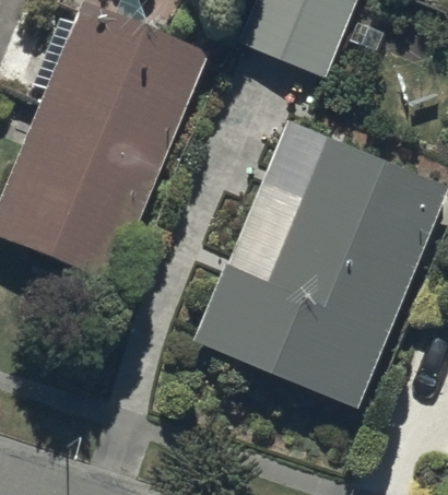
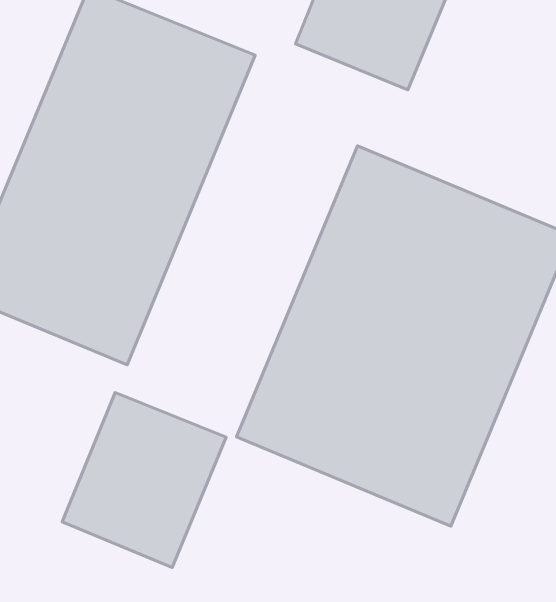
building: none -> [62,392,226,568]

